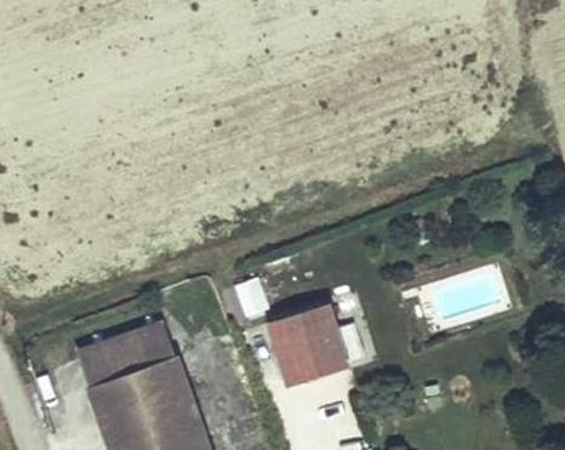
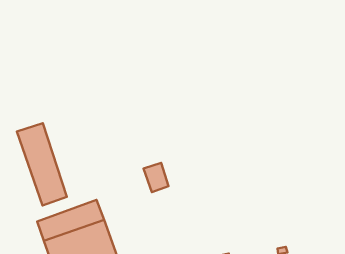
building: none -> [17,123,67,205]
building: [263,304,346,385] -> none

